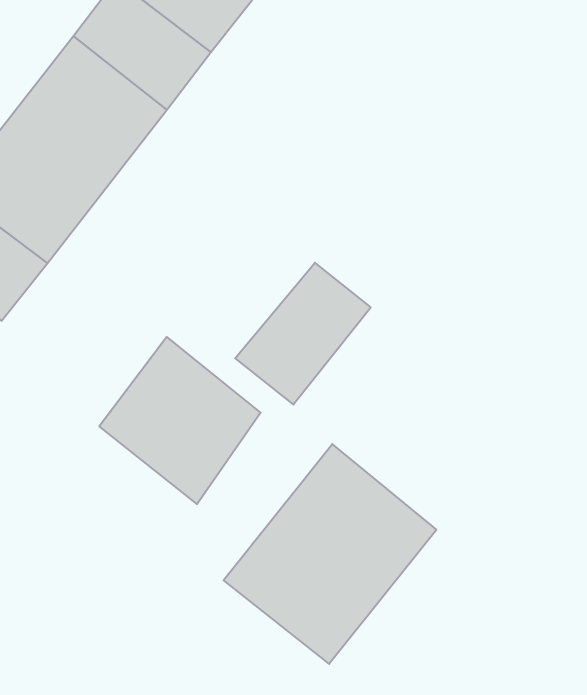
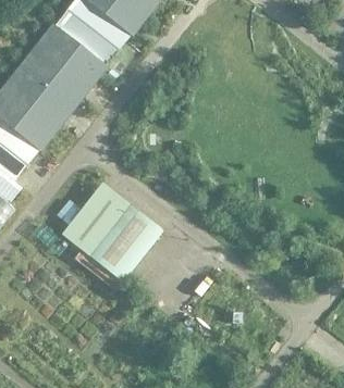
building: [235,263,371,405] -> none
building: [224,444,436,664] -> none

